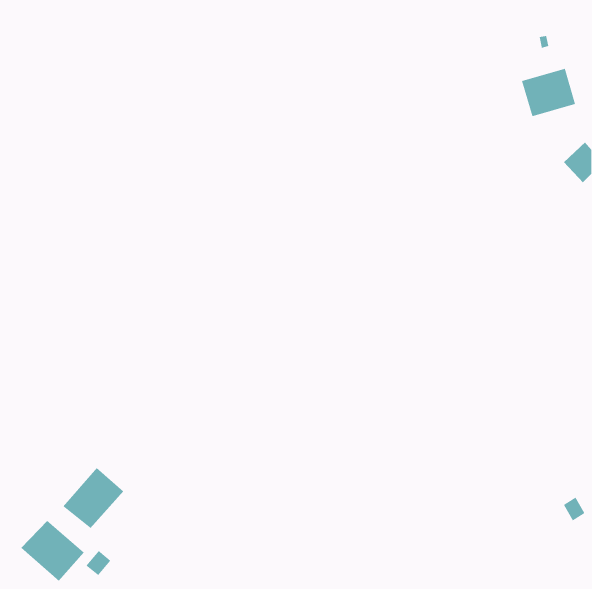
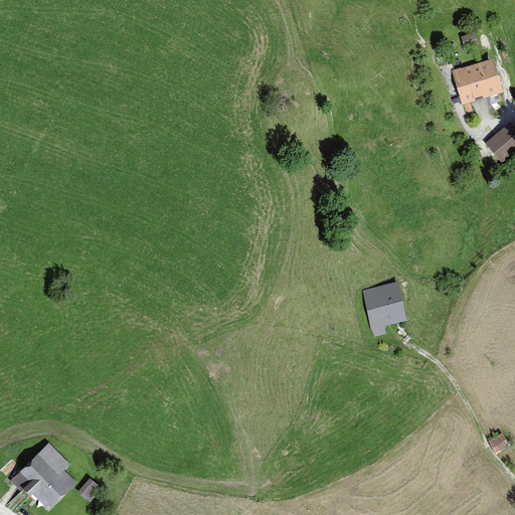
building: none -> [362,285,403,328]
building: [62,467,124,529] -> none

